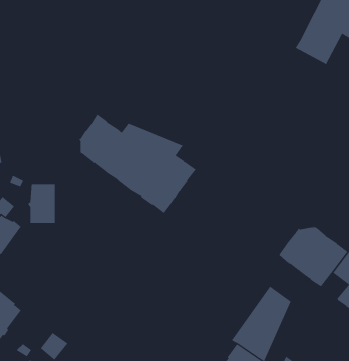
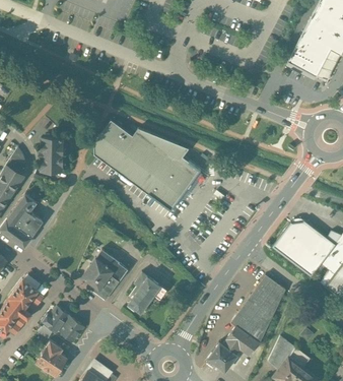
building: [27,184,56,223] -> [38,136,63,172]
building: none -> [84,250,129,301]
building: none -> [128,272,167,314]
building: none -> [42,306,70,332]

